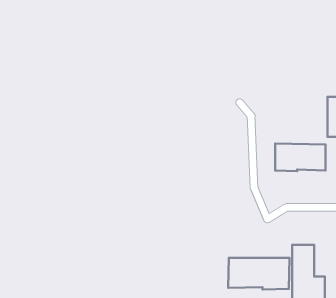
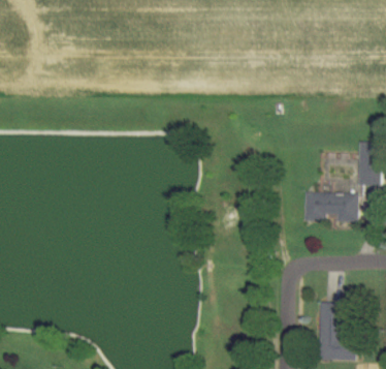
building: [228,258,289,289] -> none

